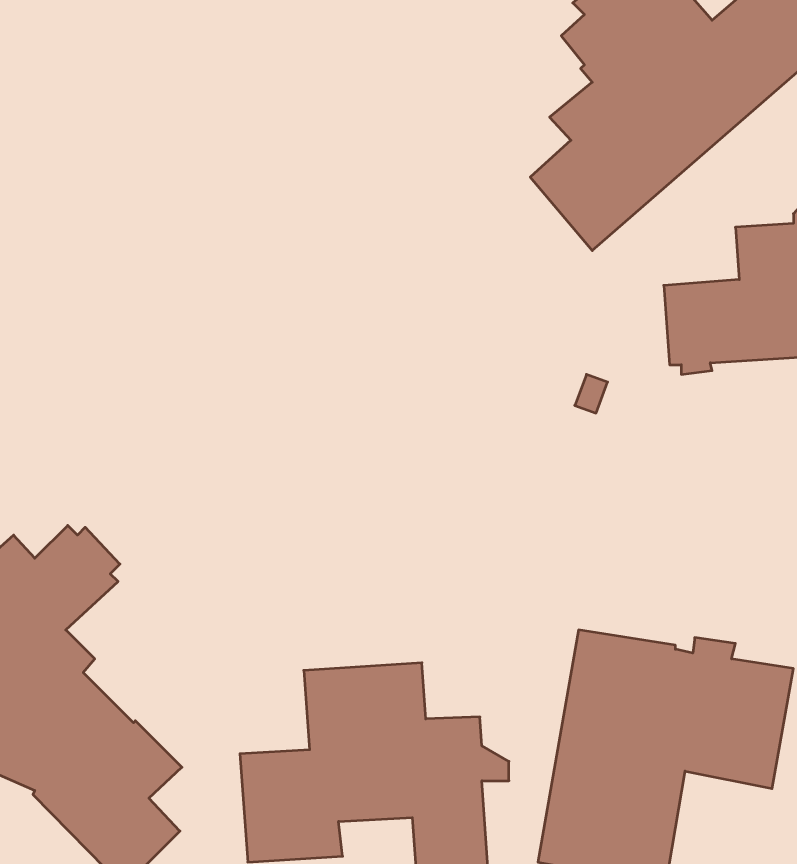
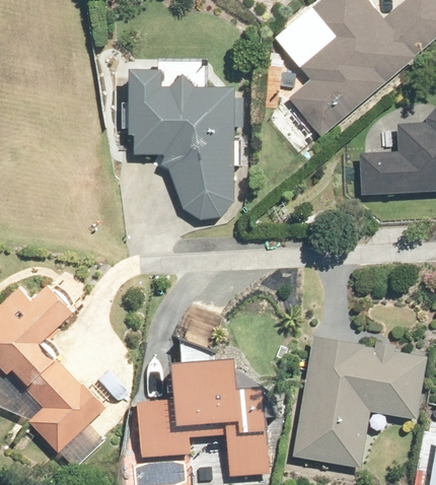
building: none -> [129,66,242,217]

